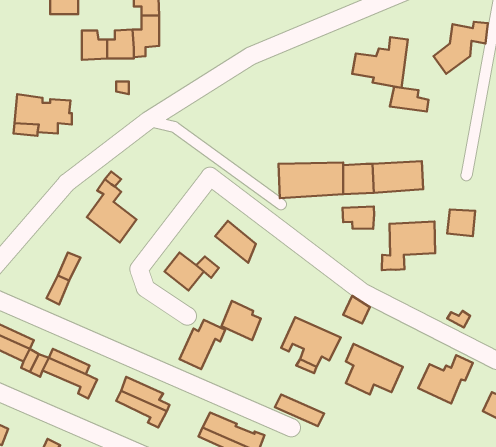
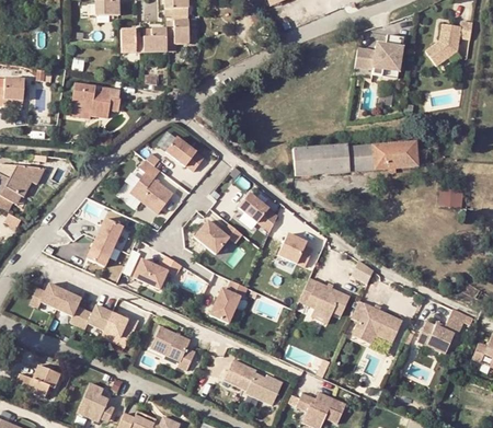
building: [390,87,429,112] -> none
building: none -> [164,136,202,170]
building: [343,206,374,229] -> none
building: [382,221,435,270] -> none
building: none -> [131,255,180,287]
building: [222,301,261,340] -> [276,232,310,266]

